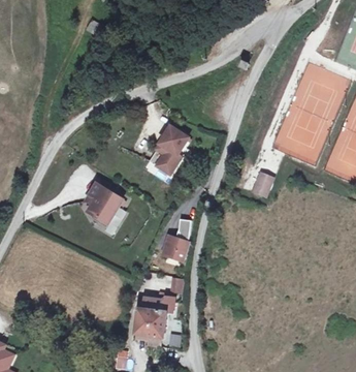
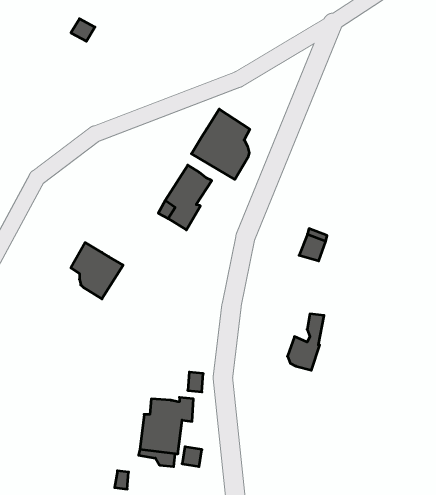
building: none -> [191,109,250,179]
building: [164,218,191,259] -> [287,314,324,370]

